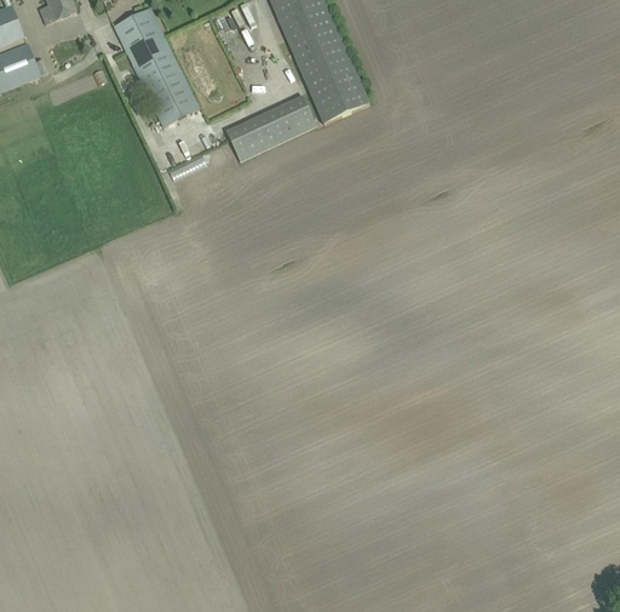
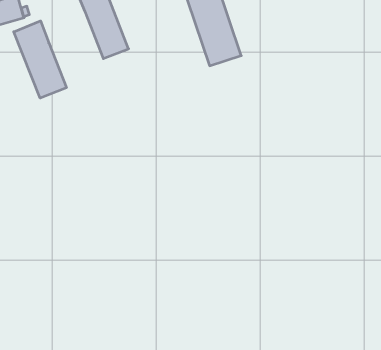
building: none -> [14,21,66,98]
building: [225,95,315,160] -> none

